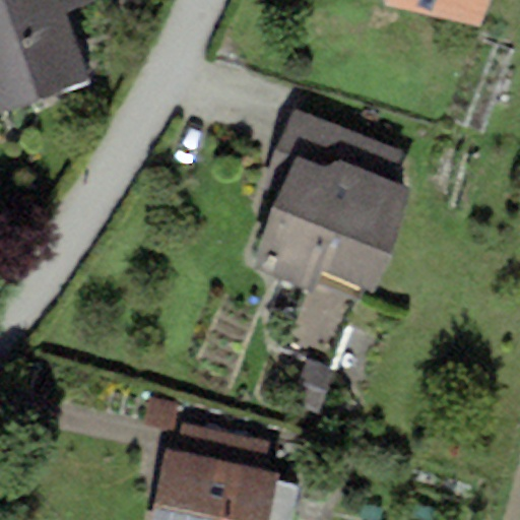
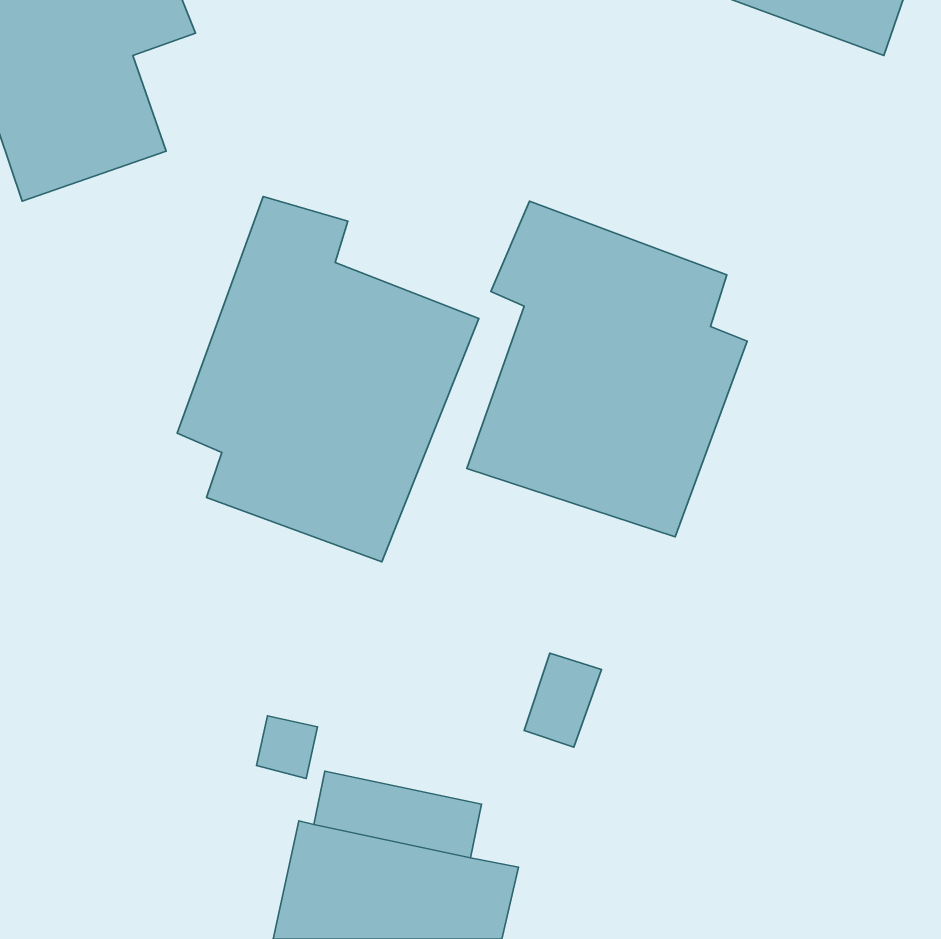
building: none -> [177,197,479,562]

